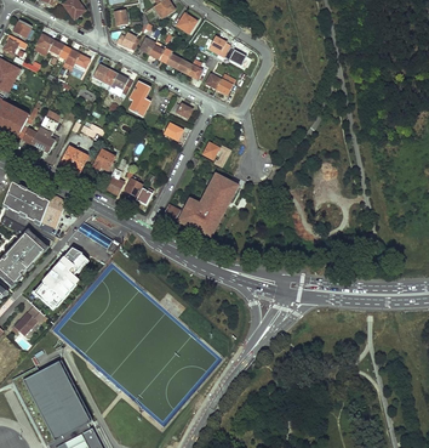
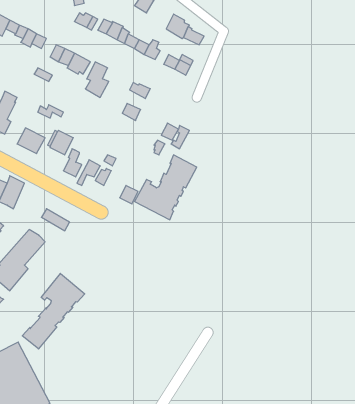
building: none -> [22,273,85,349]

